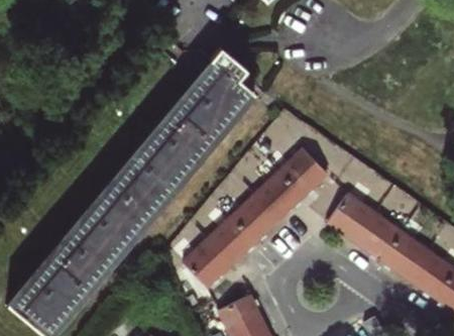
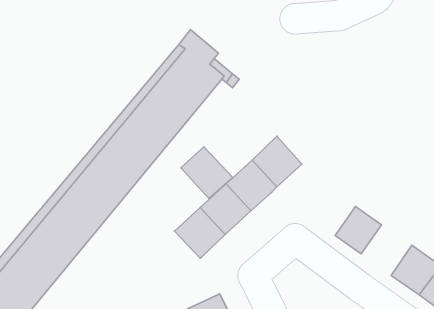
building: none -> [181,147,233,198]
building: [328,196,376,243] -> none
building: [381,233,429,281] -> none
building: [183,239,231,287] -> none

